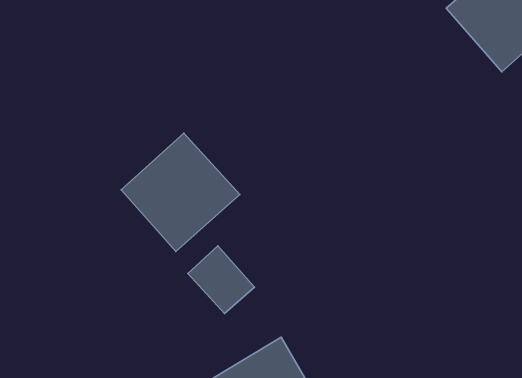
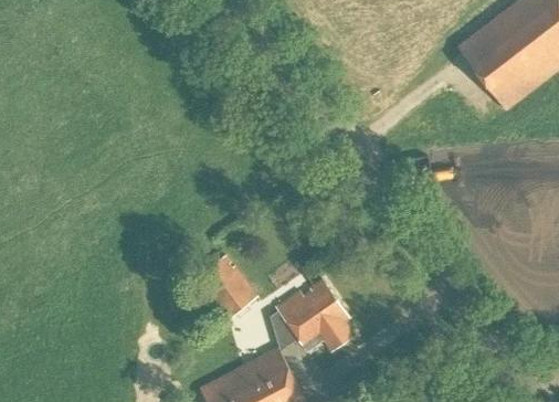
building: [121,133,240,252] -> none
building: none -> [277,279,356,352]

